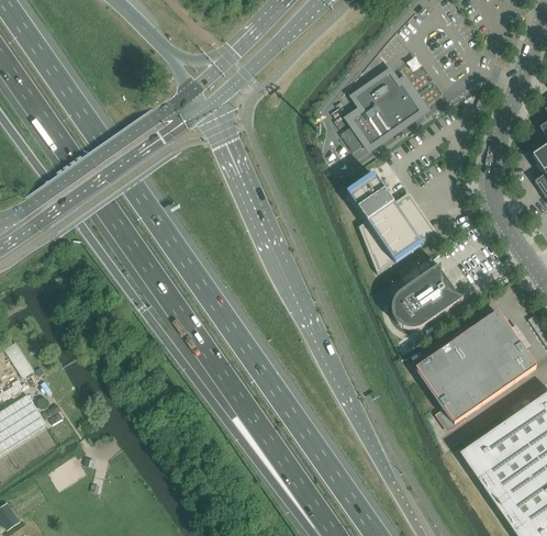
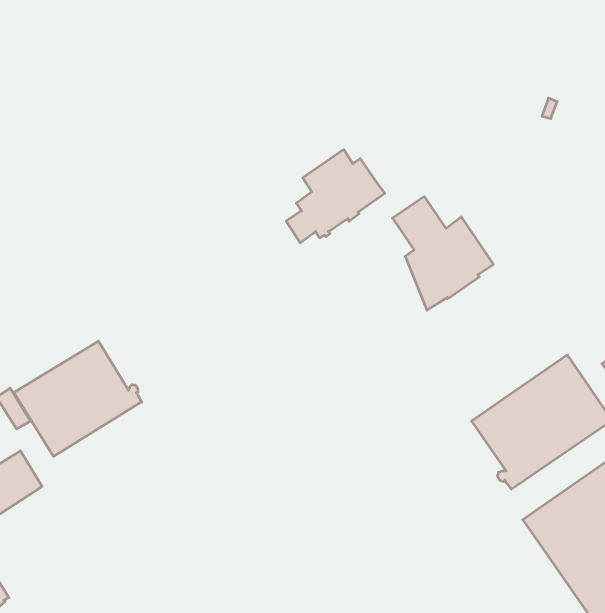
building: [341,70,425,150] -> [286,150,385,243]
building: [391,264,462,327] -> none
building: none -> [14,341,142,456]

